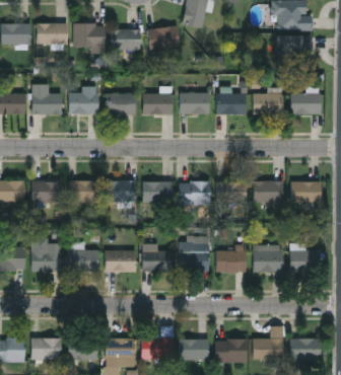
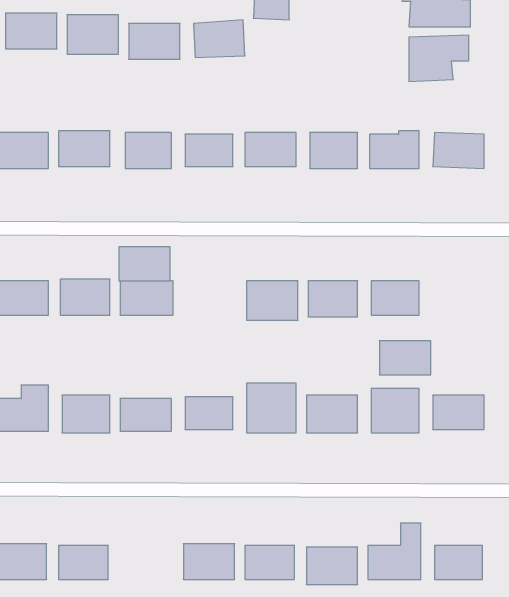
building: [142,181,173,202] -> [119,247,170,281]
building: [290,181,321,202] -> [379,341,431,375]
building: [107,339,135,365] -> none

